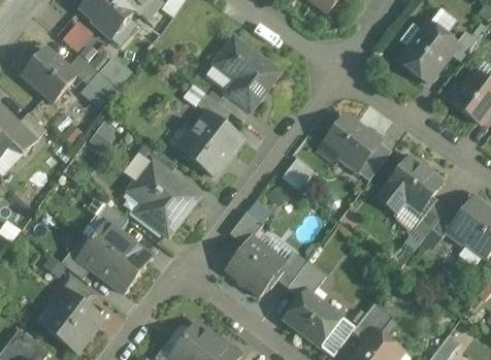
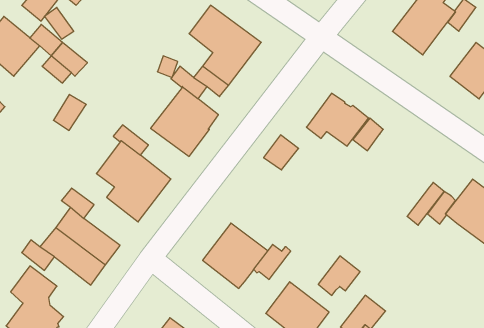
building: [379,156,443,211] -> none
building: [229,211,262,246] -> none
building: [287,262,325,298] -> [318,256,360,295]

